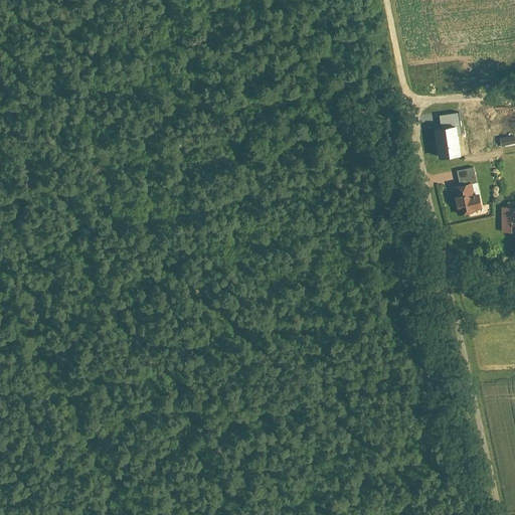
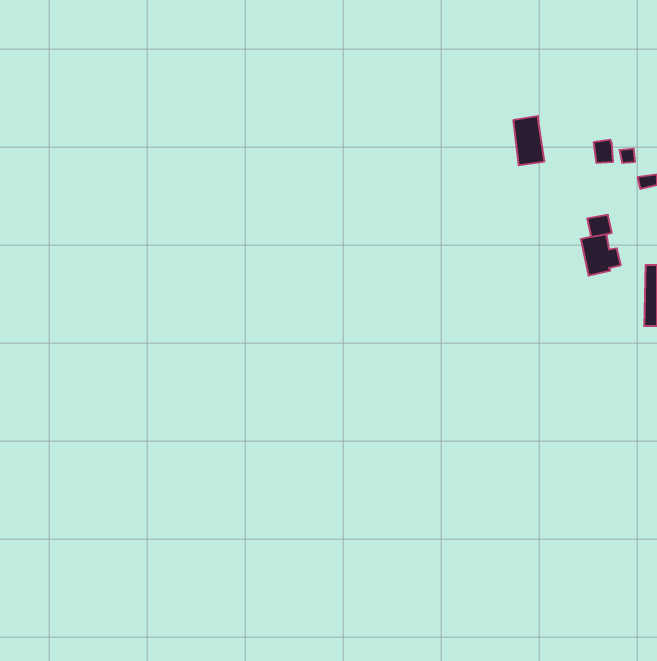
building: [437,120,461,158] -> [513,116,544,165]

